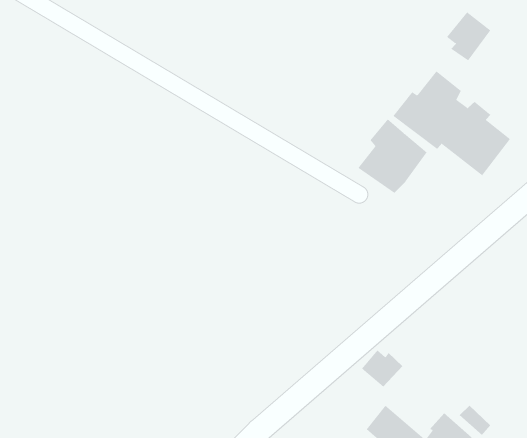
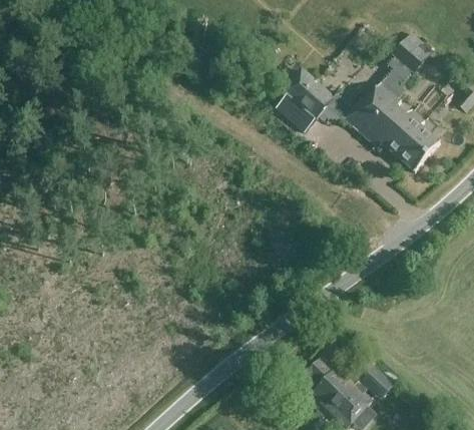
building: [358,118,427,194] -> [276,68,334,130]
building: [361,350,403,387] -> none

